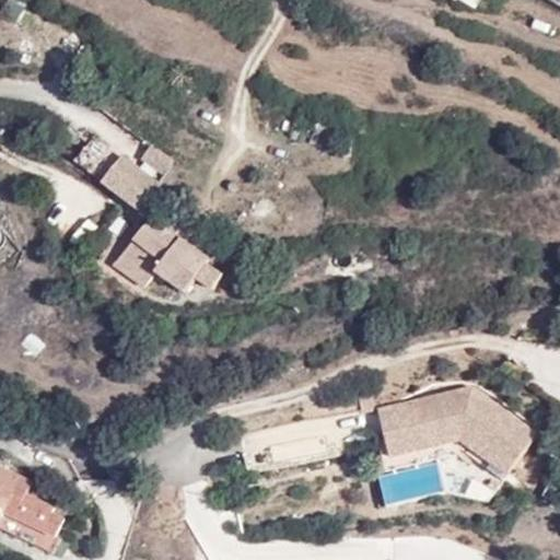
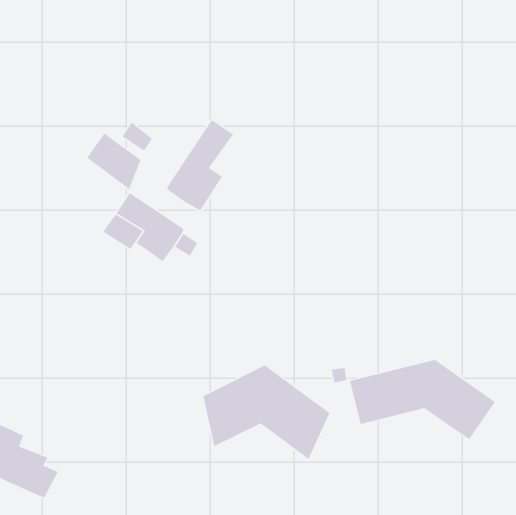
building: none -> [166,119,234,212]
building: none -> [203,365,331,460]

